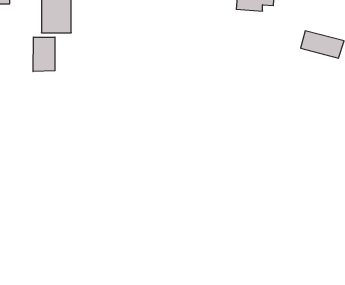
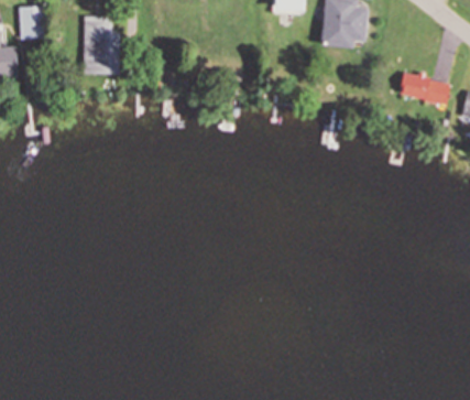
building: [33,37,55,72] -> none

